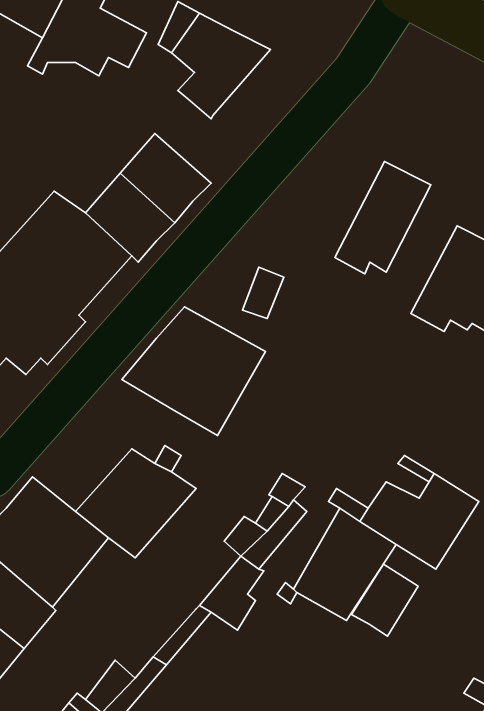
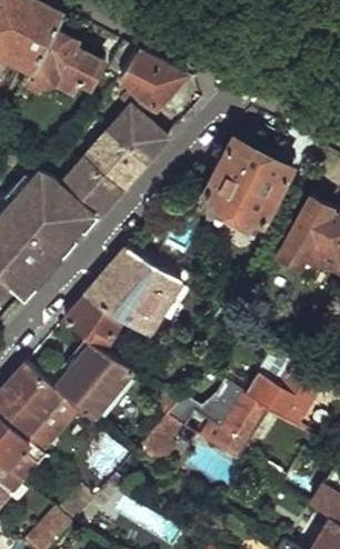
building: none -> [108,110,168,167]
building: none -> [202,137,262,217]
building: none -> [63,299,121,338]
building: [351,564,418,636] -> none

